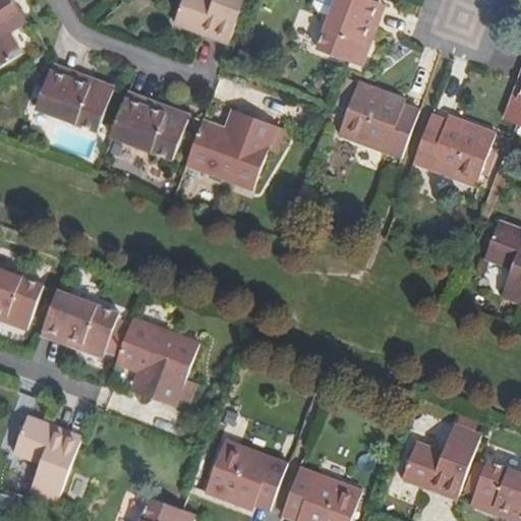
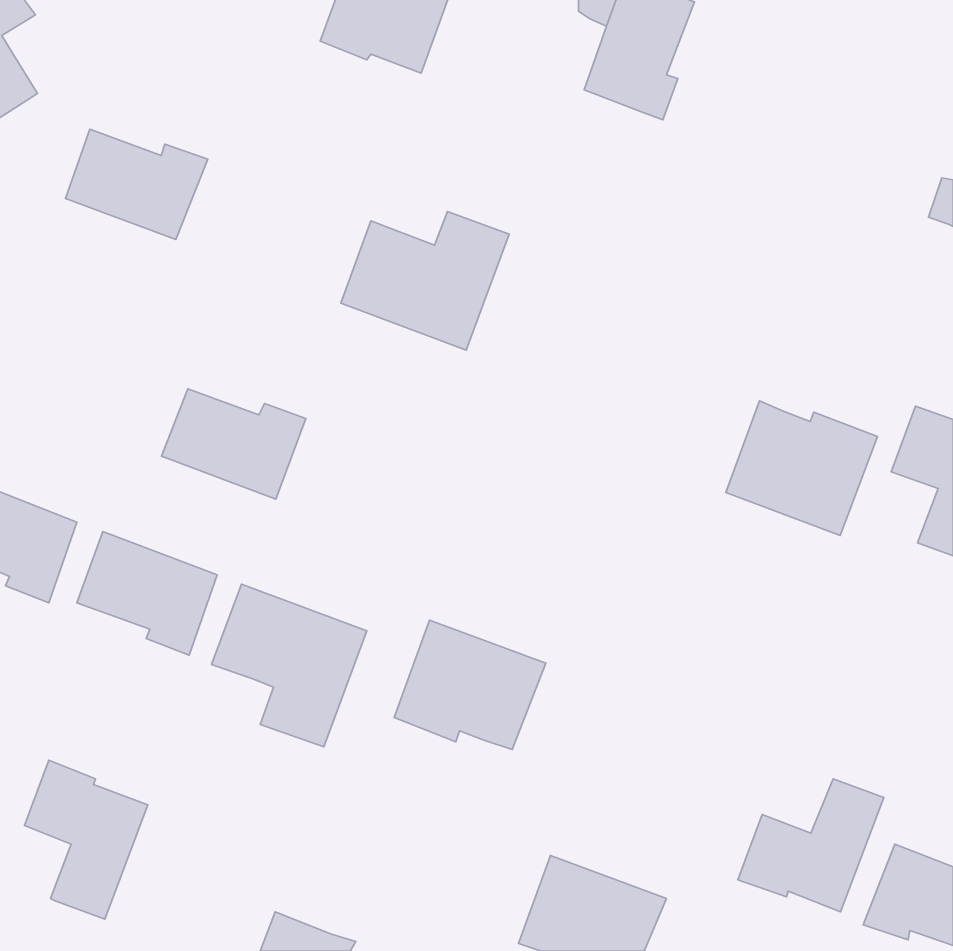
building: [337,81,418,159] -> none
building: [110,99,188,159] -> [162,389,306,499]
building: [413,114,496,187] -> [726,401,878,536]
building: [205,438,287,508] -> [394,620,546,749]

